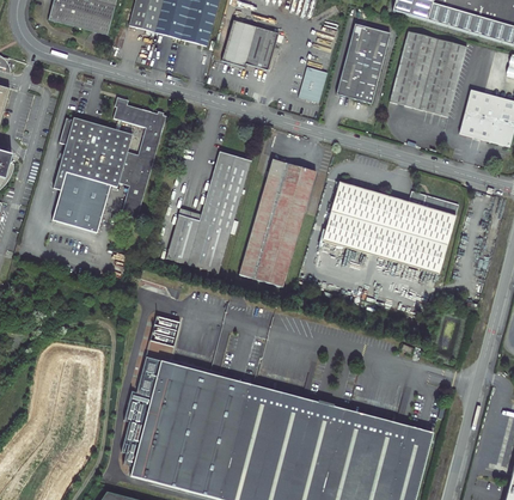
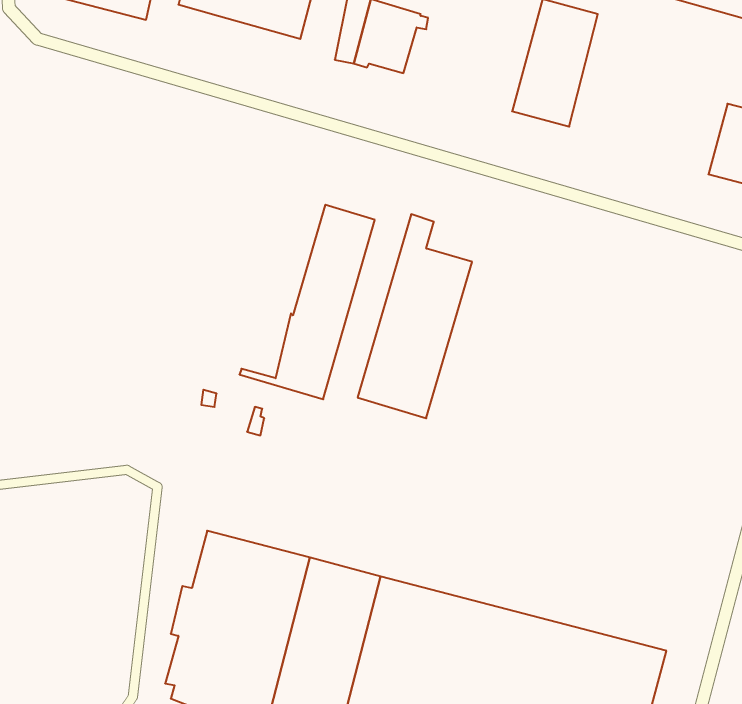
building: [388,30,466,116] -> none
building: [299,67,328,102] -> none
building: [53,94,167,231] -> none
building: [282,163,316,188] -> none
building: [322,181,459,273] -> none
building: [166,215,197,261] -> none

